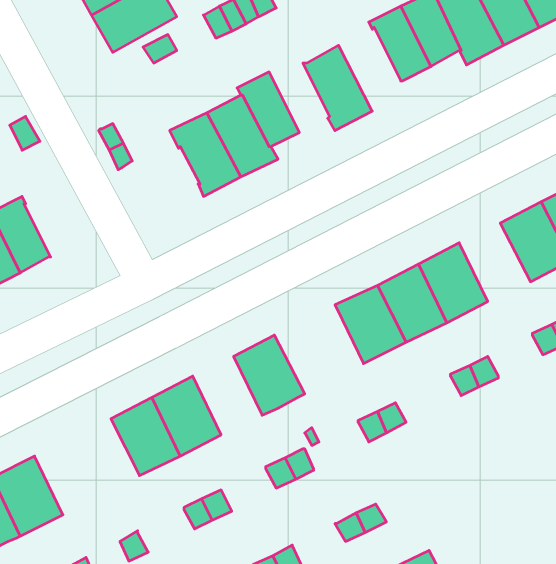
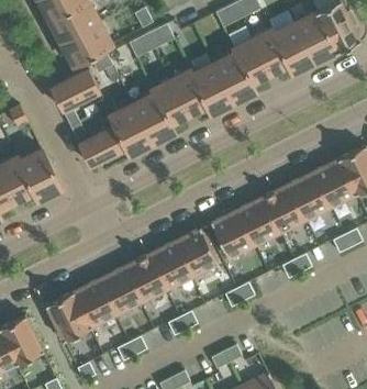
building: none -> [212,51,256,102]
building: none -> [51,68,99,110]
building: none -> [169,68,207,115]
building: none -> [78,124,126,165]
building: none -> [18,148,60,200]
building: none -> [287,171,331,220]
building: none -> [173,227,218,277]
building: none -> [122,254,165,302]
building: none -> [45,292,89,341]

